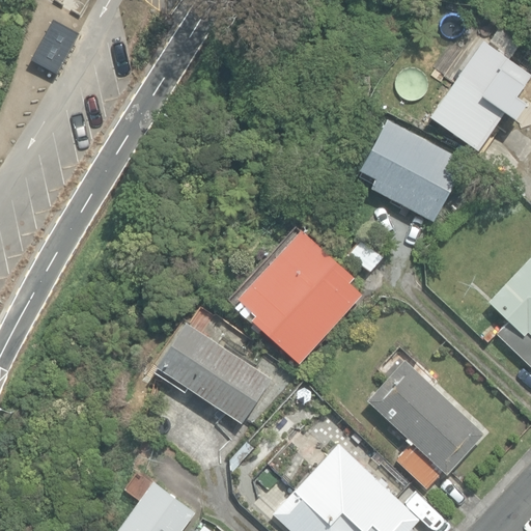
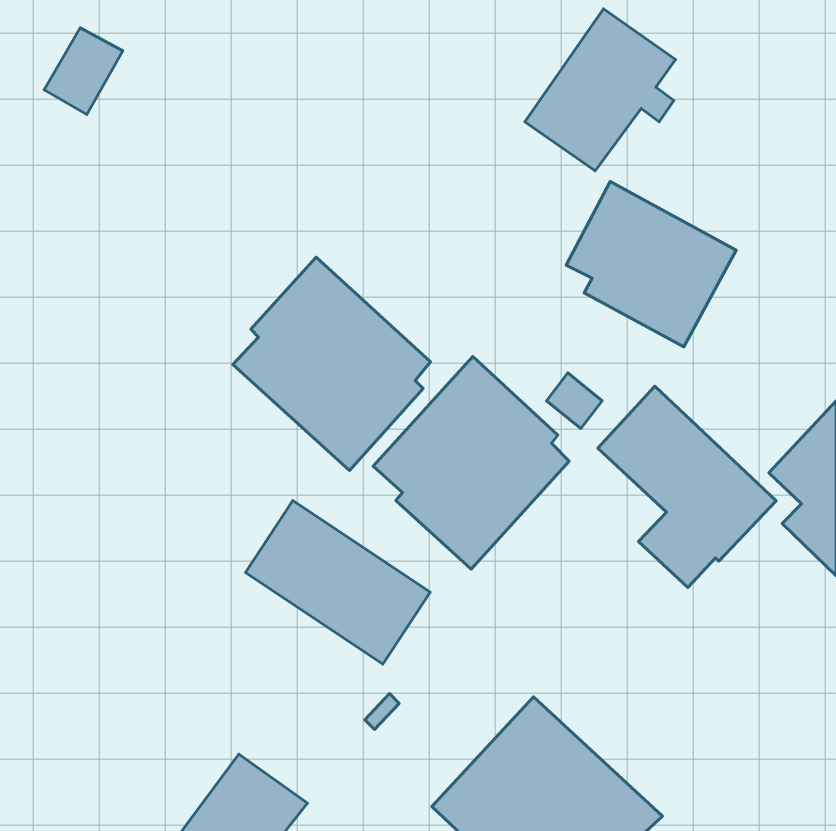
building: [430,47,526,149] -> [525,9,675,171]
building: none -> [233,257,431,470]
building: [369,362,482,490] -> [598,386,776,587]

